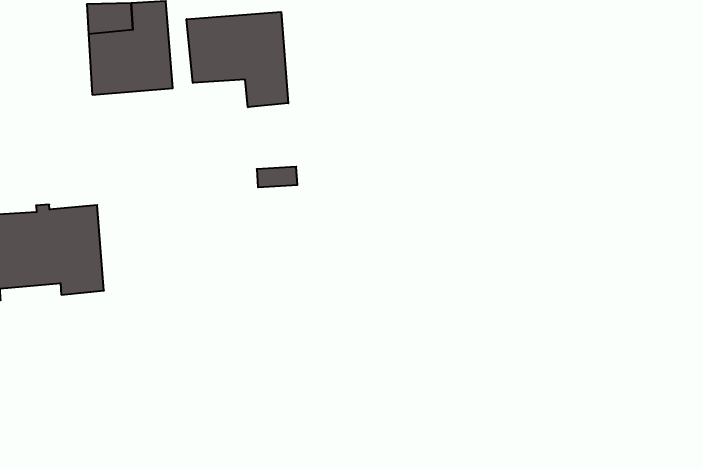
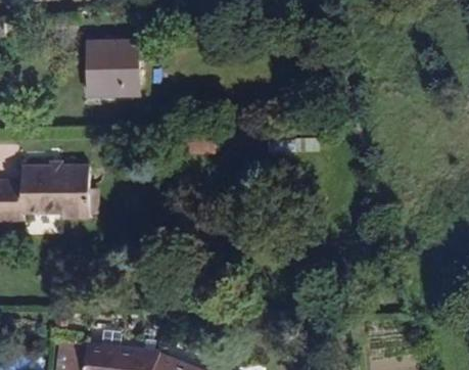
building: [187,12,288,107] -> none

